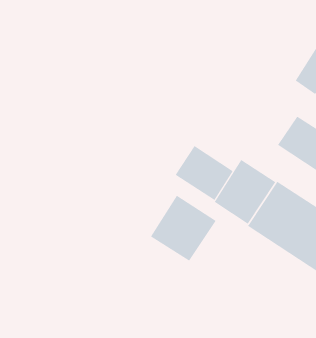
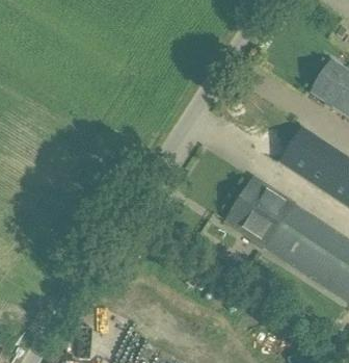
building: [175,145,233,201] -> none
building: [150,195,216,262] -> none

